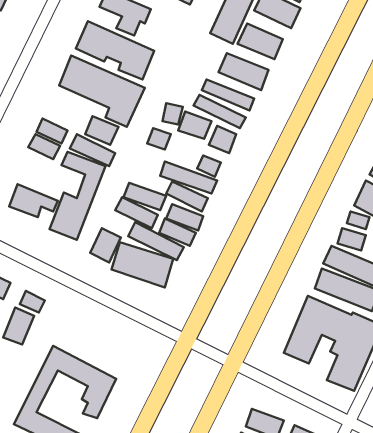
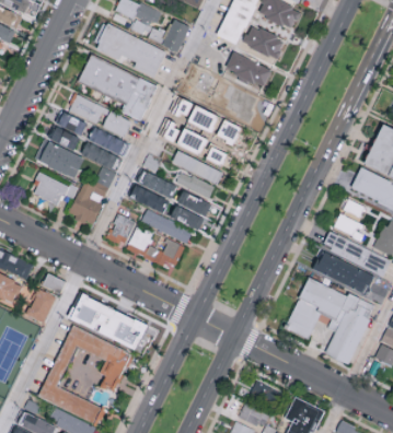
building: none -> [148,20,189,54]
building: none -> [69,95,106,125]
building: none -> [176,130,207,156]
building: none -> [34,140,83,179]
building: none -> [68,291,147,347]

